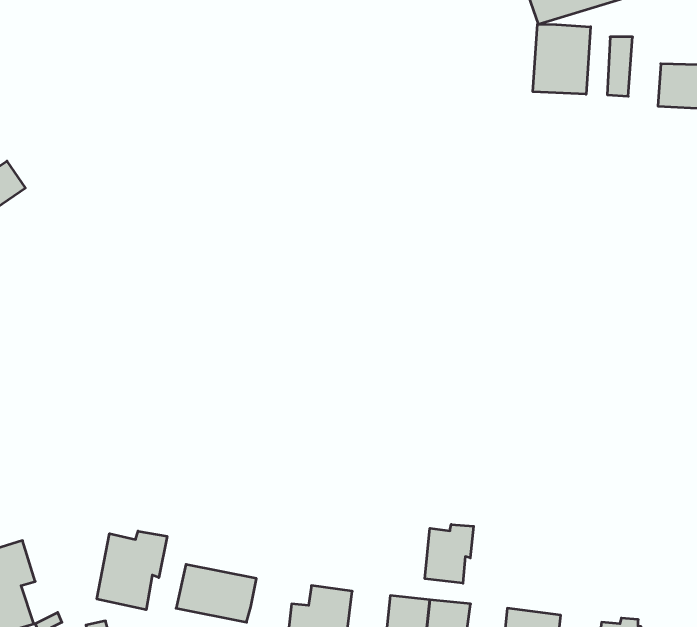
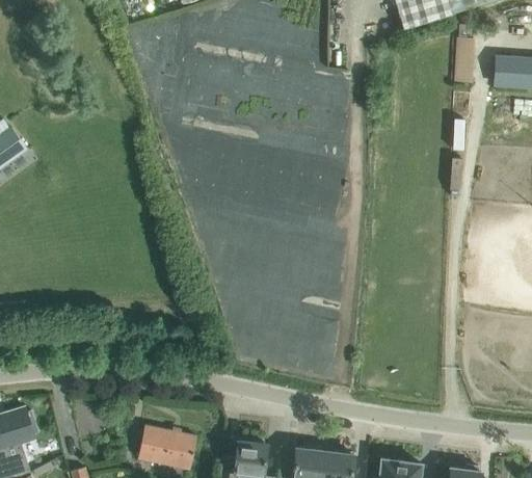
building: [533,24,591,94] -> none
building: [425,524,474,583] -> none
building: [97,531,167,610] -> none

